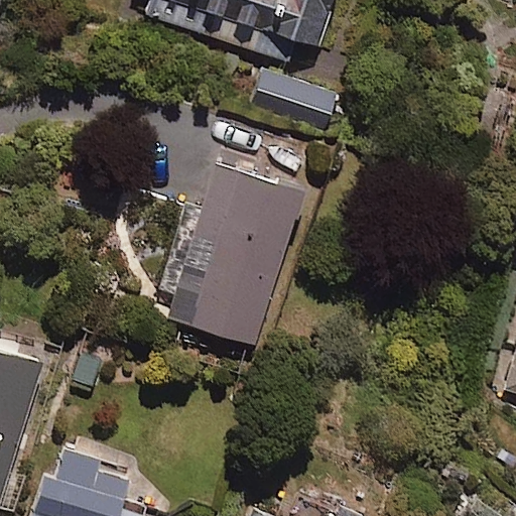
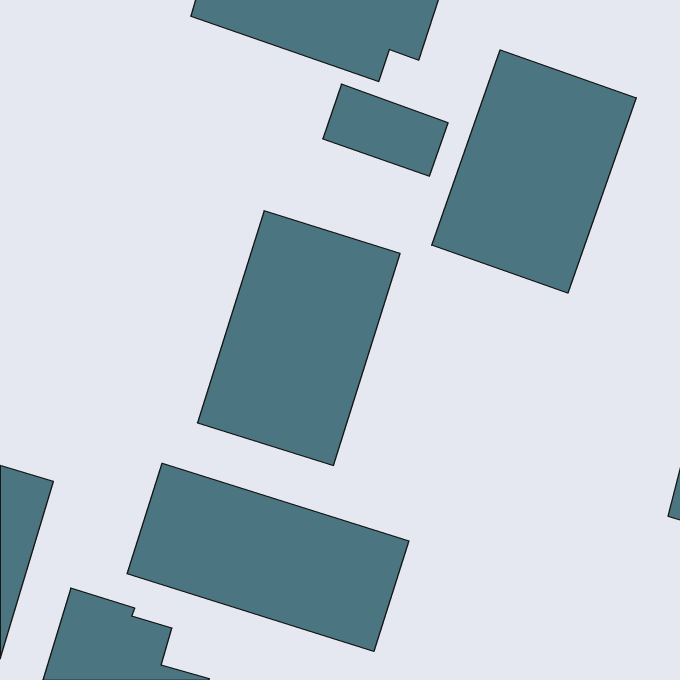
building: none -> [432,50,636,293]
building: none -> [127,463,409,651]

